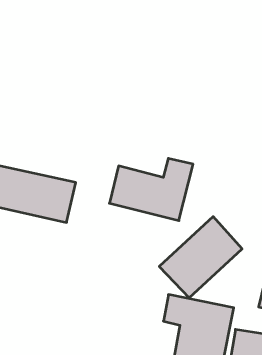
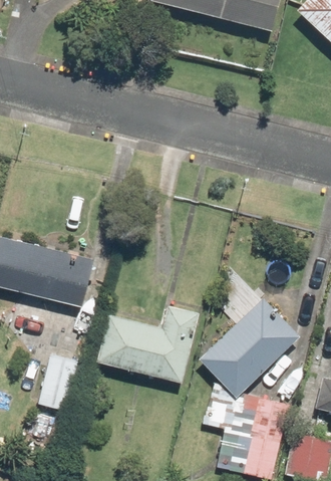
building: [109,158,193,221] -> [96,306,198,382]
building: none -> [36,354,78,415]

